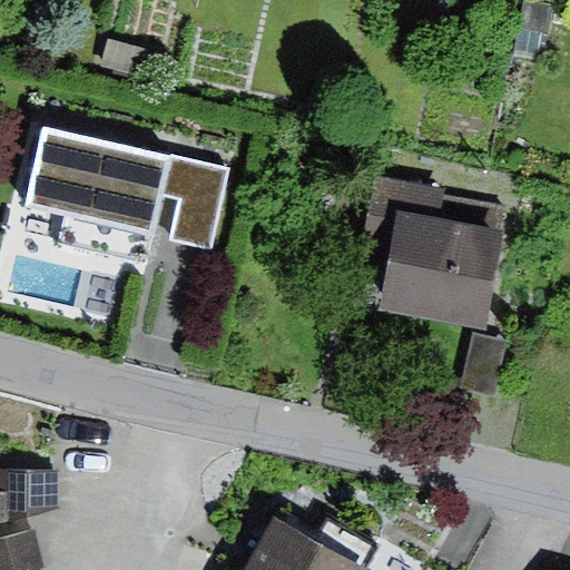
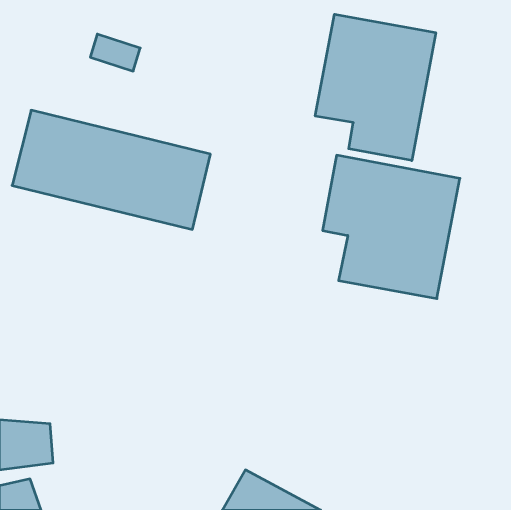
building: none -> [315,14,436,161]

